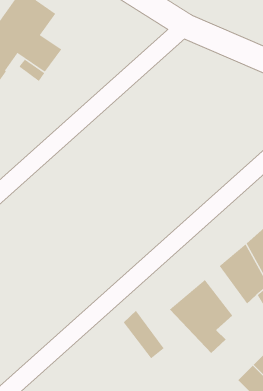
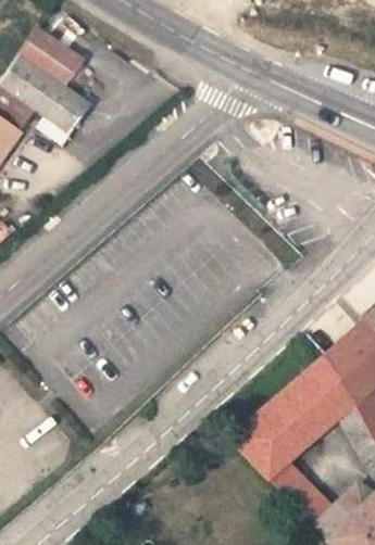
building: [123,310,164,359] -> [274,381,327,444]
building: none -> [282,474,335,527]

